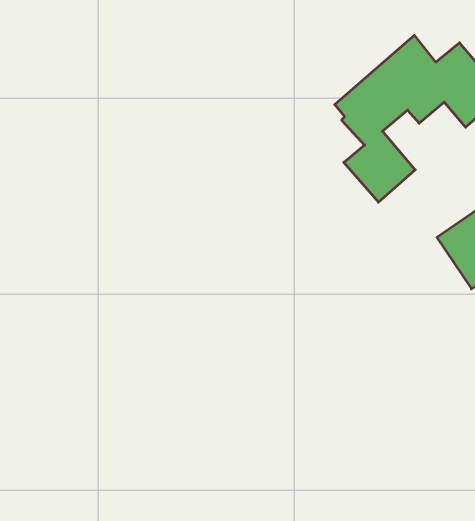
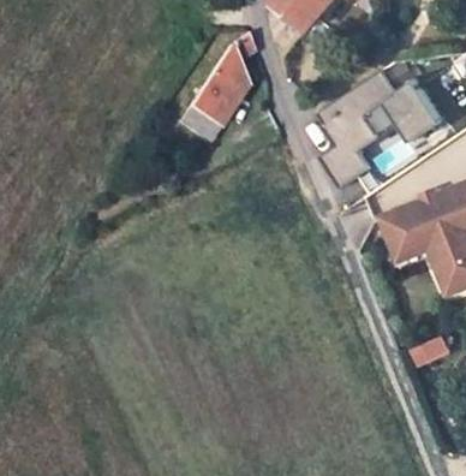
building: none -> [180,35,253,142]

